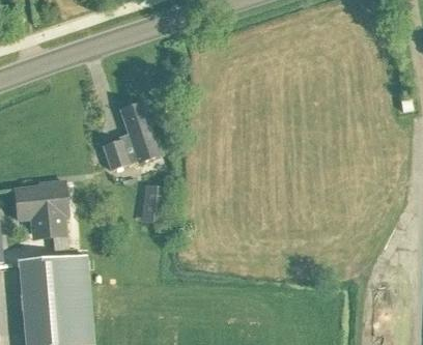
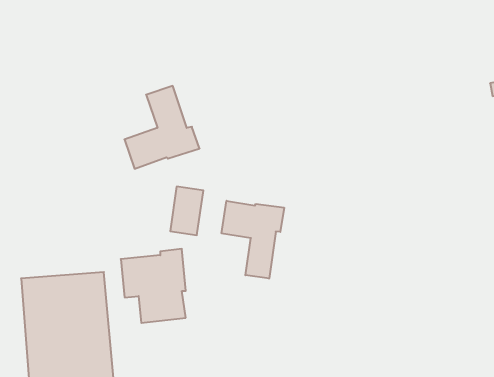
building: [16,179,68,239] -> [121,249,186,323]
building: none -> [222,201,284,279]

